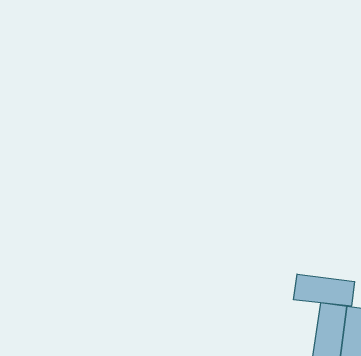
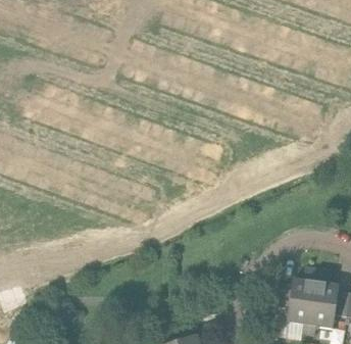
building: [294,274,355,306] -> none

